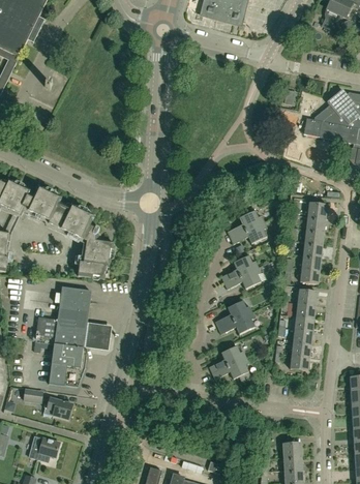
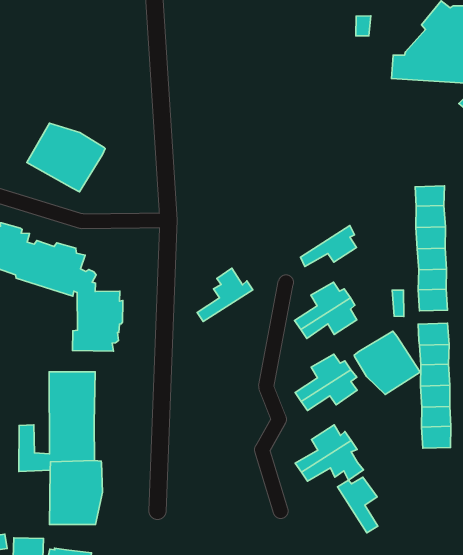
building: none -> [27,123,105,192]
building: [227,206,264,237] -> [197,268,253,322]
building: none -> [354,331,420,394]
building: [82,323,110,350] -> none
building: none -> [337,477,378,533]

